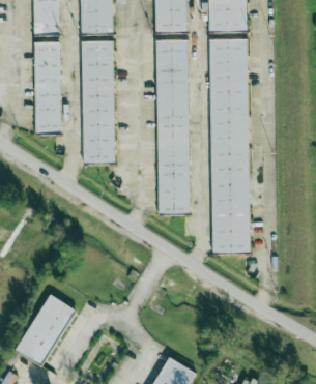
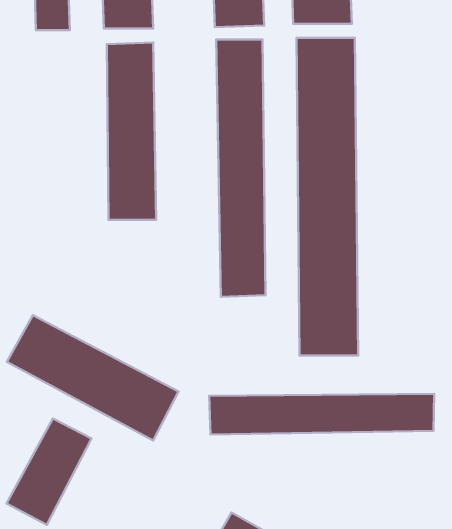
building: [34,40,61,131] -> none
building: none -> [7,315,179,440]
building: none -> [209,394,434,434]

